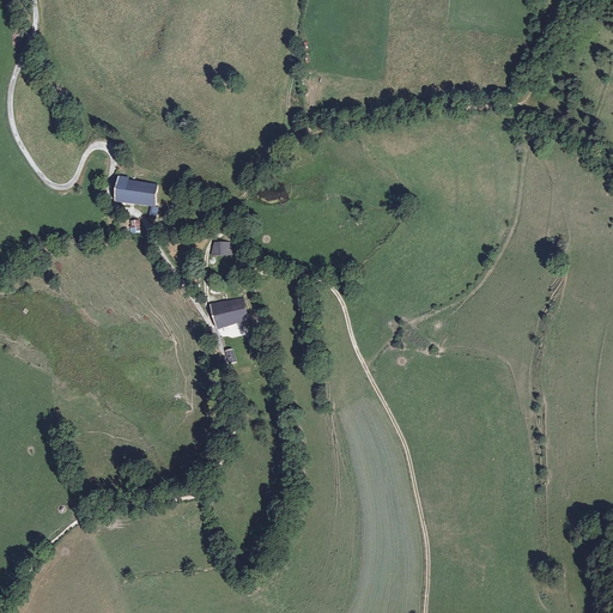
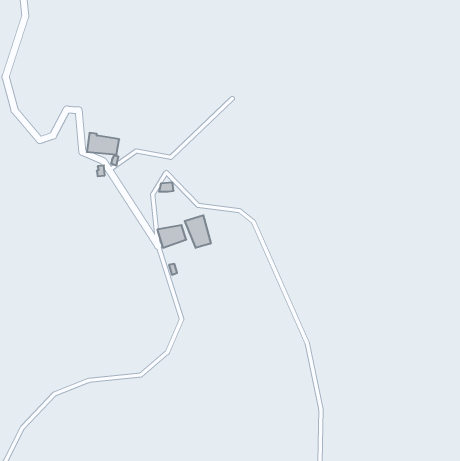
building: none -> [185,215,211,248]

